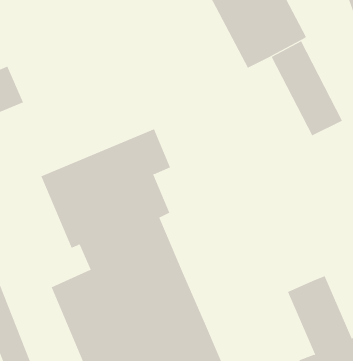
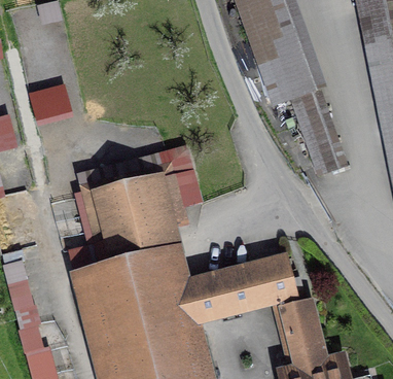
building: none -> [189,254,299,329]

